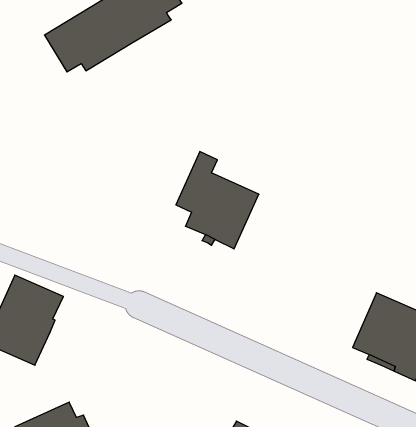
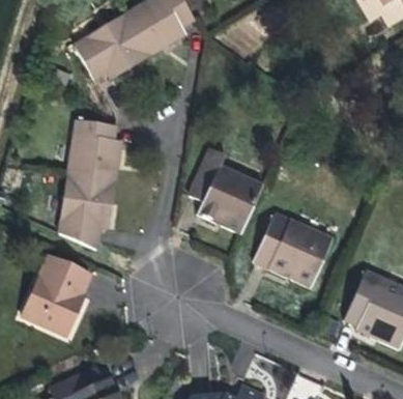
building: none -> [59,118,120,248]
building: none -> [254,212,333,286]

